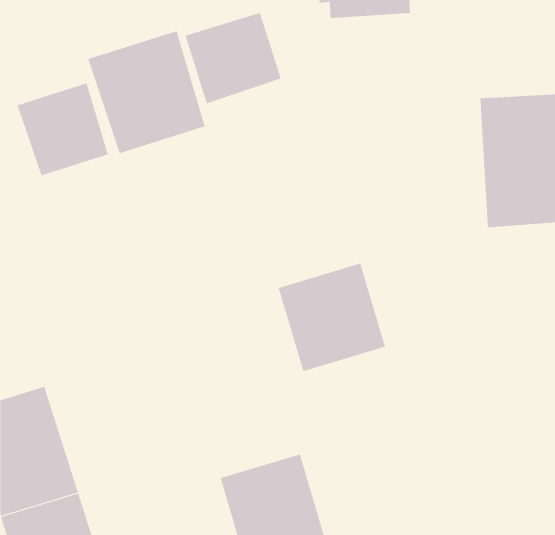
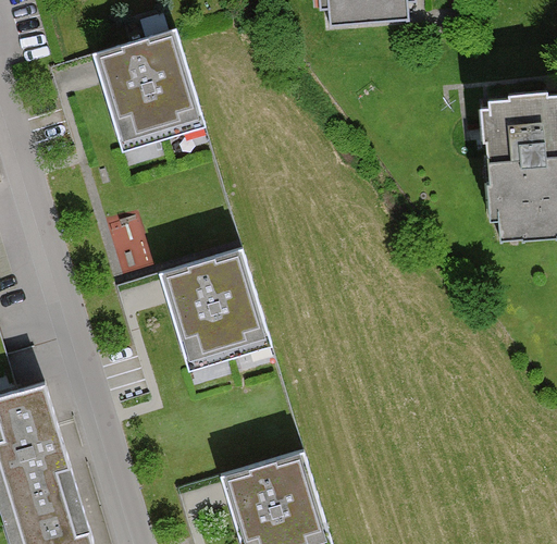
building: [185,12,281,104] -> none
building: [17,83,108,176] -> none
building: [278,263,386,372] -> [160,256,268,364]

